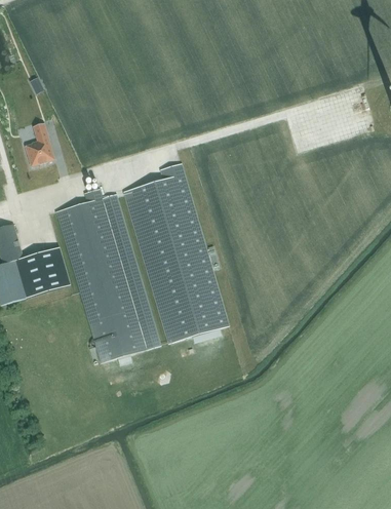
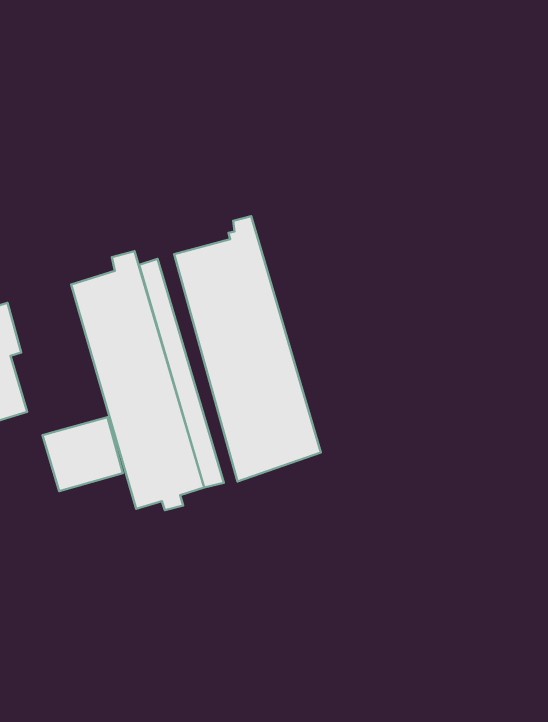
building: [26,122,55,165] -> none
building: [15,246,70,297] -> [43,417,123,491]

